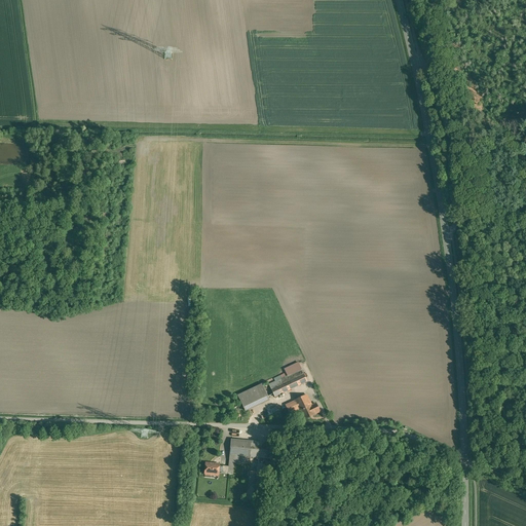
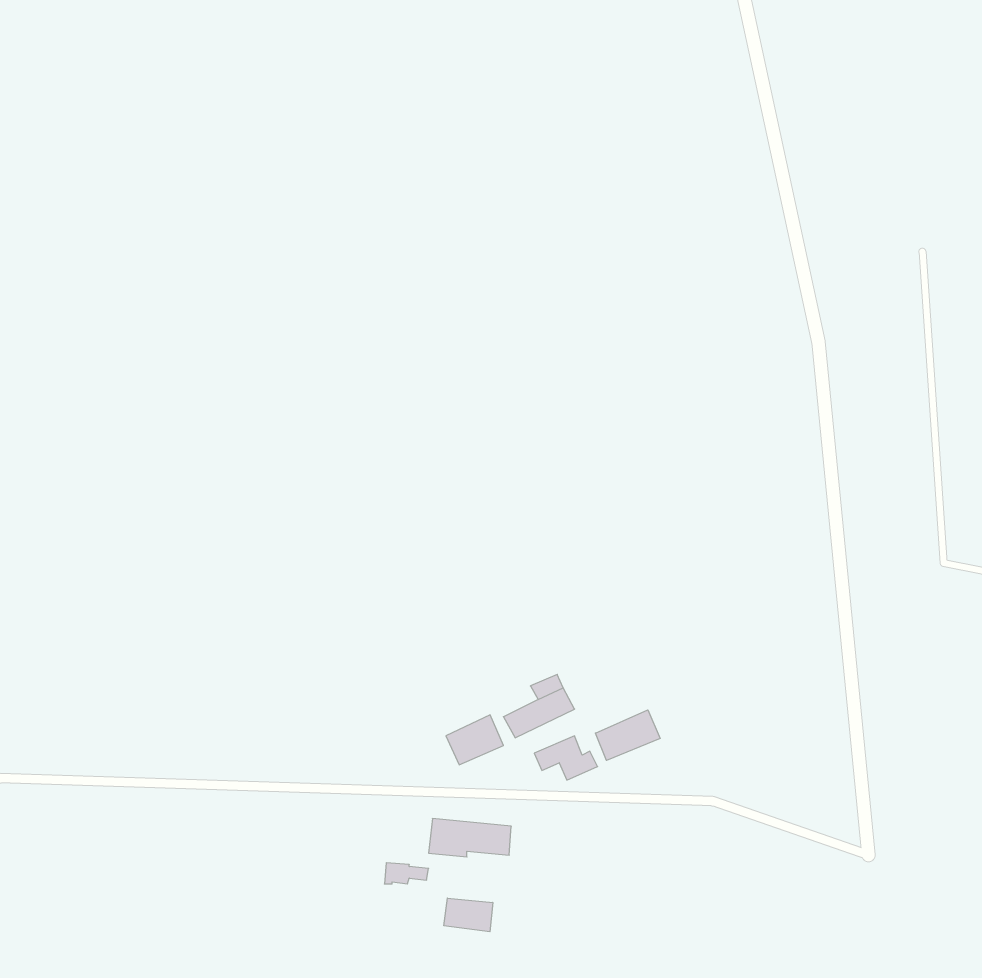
building: none -> [595,710,660,760]
building: none -> [444,898,493,932]

